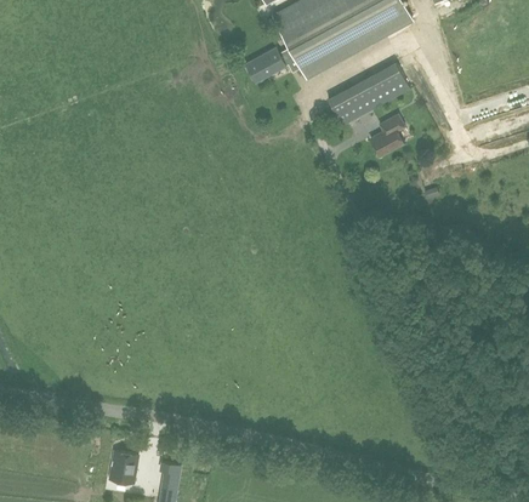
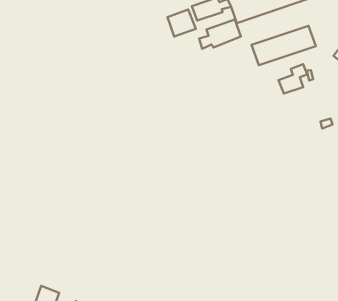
building: none -> [168,10,196,37]
building: none -> [199,19,241,49]

